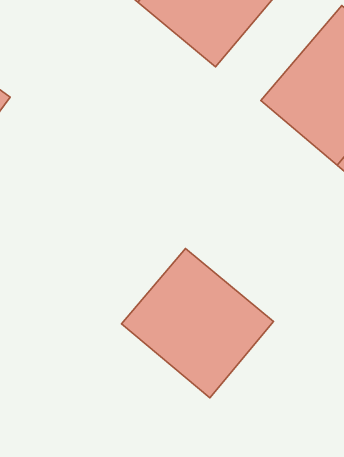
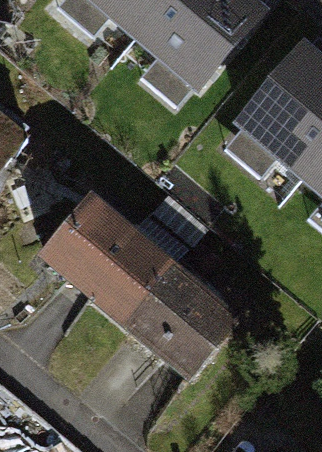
building: none -> [38,189,170,318]

